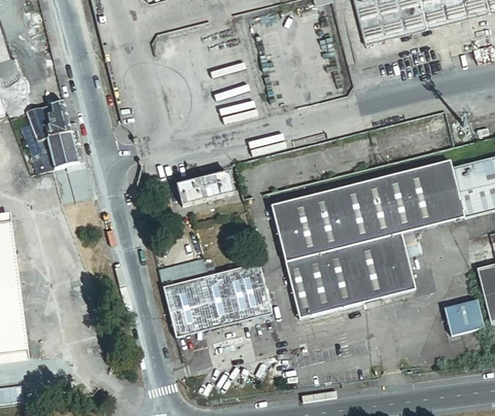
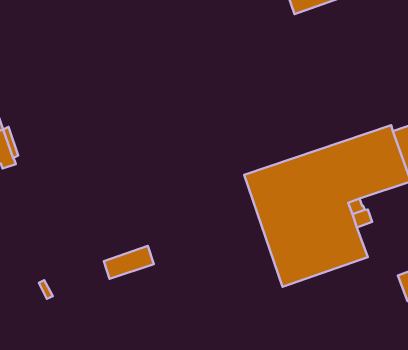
building: [177,171,234,205] -> none
building: [272,196,330,316] -> none
building: [164,265,272,337] -> none

